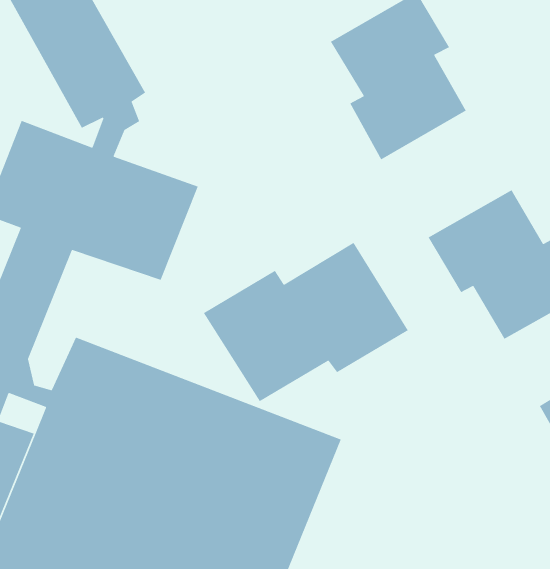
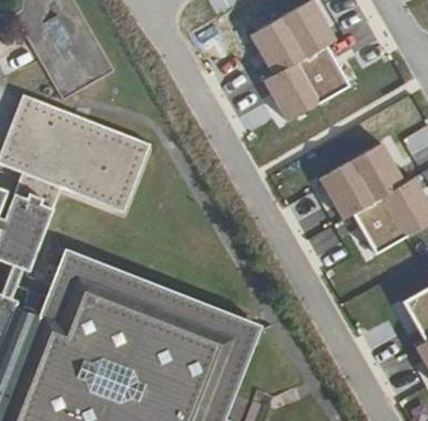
building: [203,242,409,402] -> none

